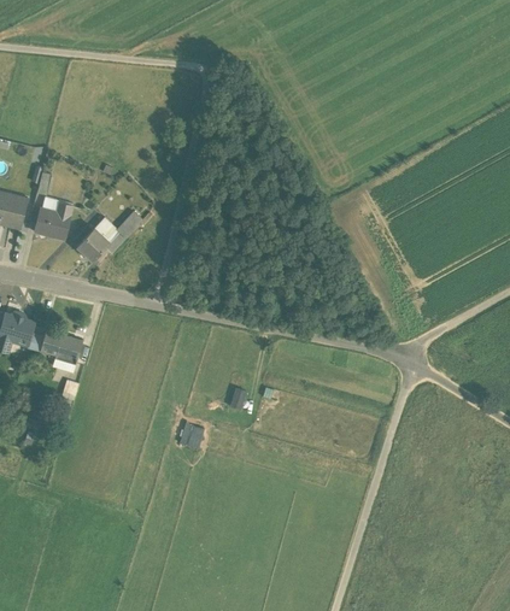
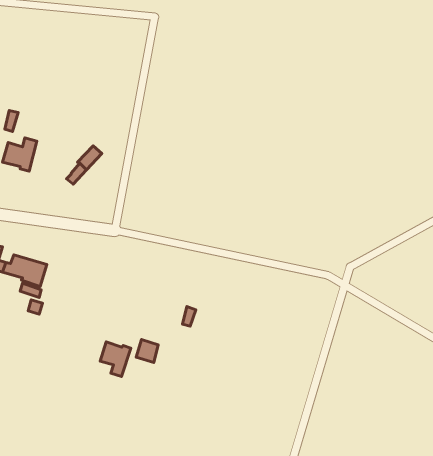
building: [77,229,110,260] -> none
building: none -> [100,342,131,377]

